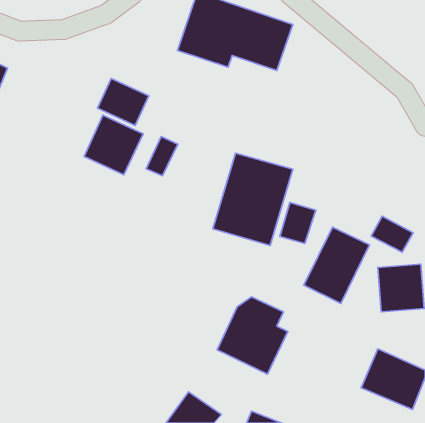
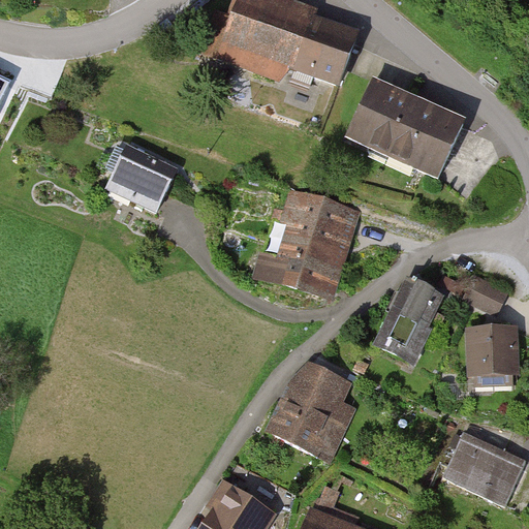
building: none -> [347,79,462,174]
building: [97,78,149,125] -> none
building: [146,136,178,176] -> none
building: [280,203,316,244] -> none

